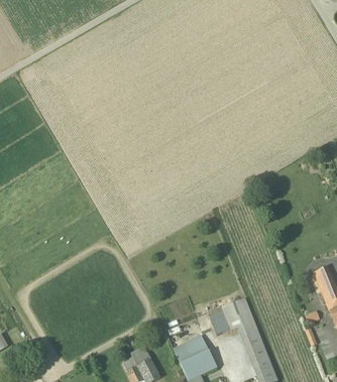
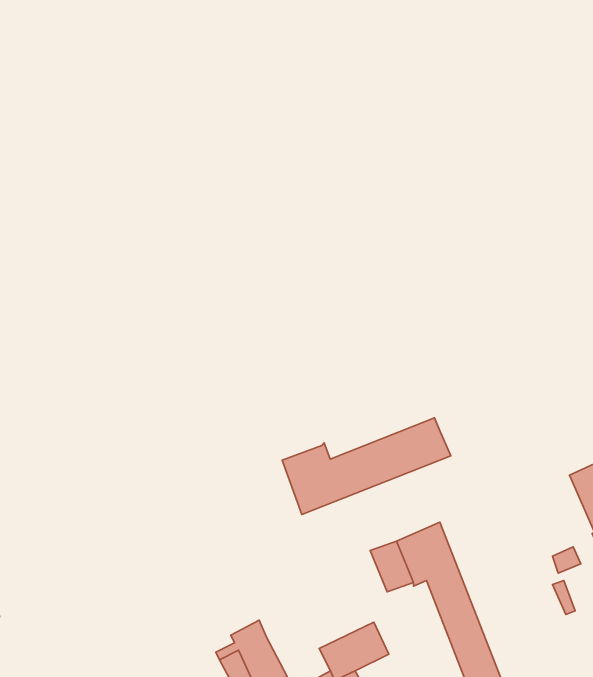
building: none -> [282,418,451,514]
building: [172,331,209,363] -> none

